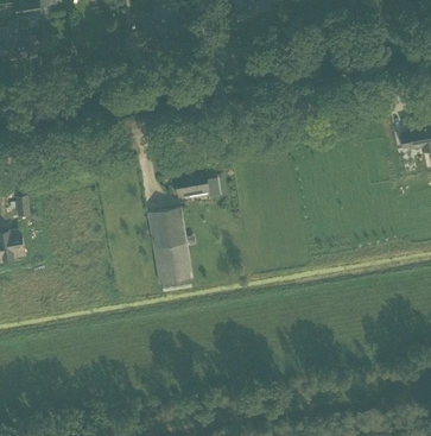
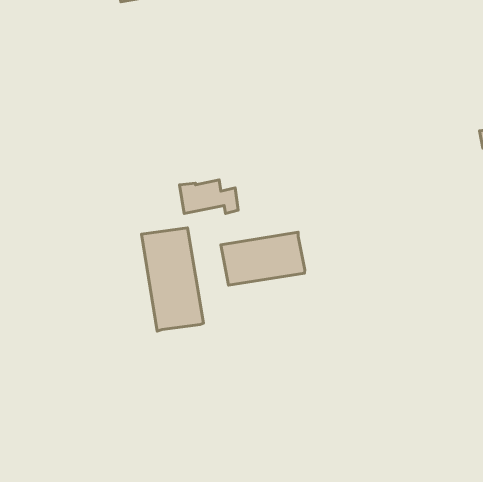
building: none -> [221,232,305,285]

